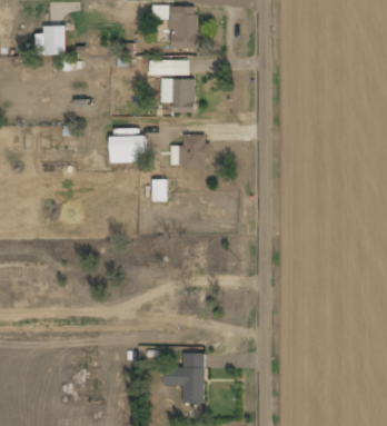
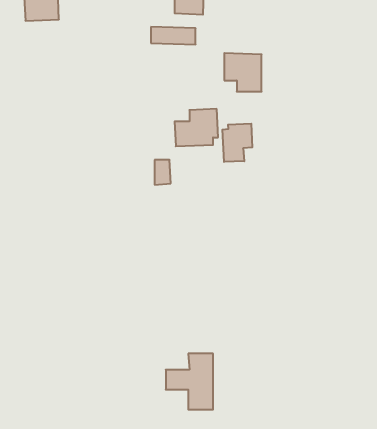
building: [161,78,195,112] -> [224,53,262,92]
building: [110,136,146,162] -> none
building: none -> [222,124,252,162]

